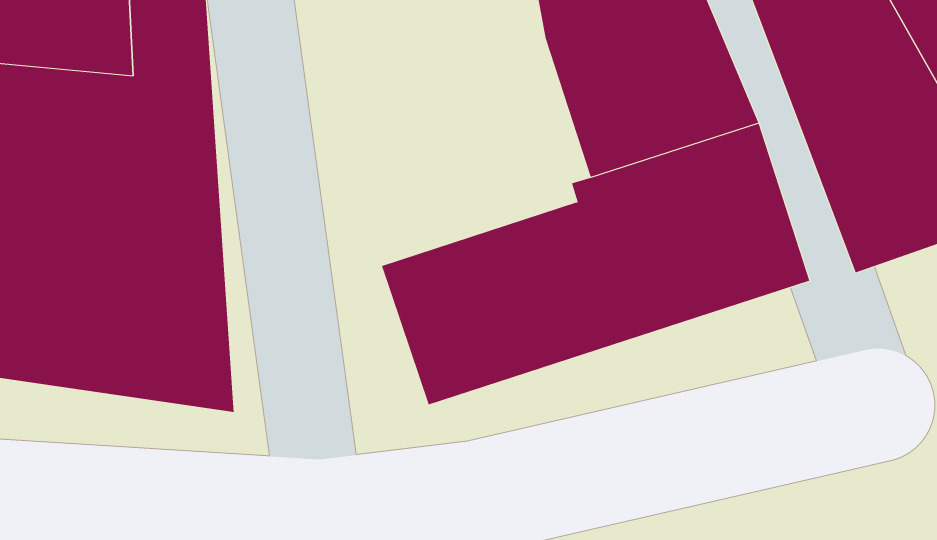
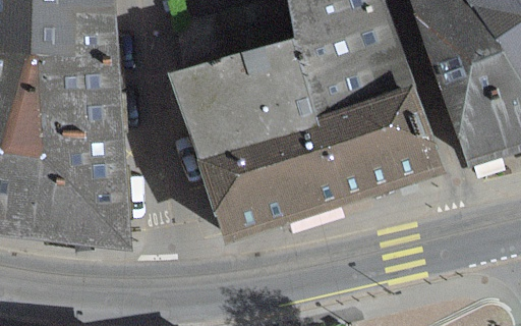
building: none -> [184,38,325,161]

